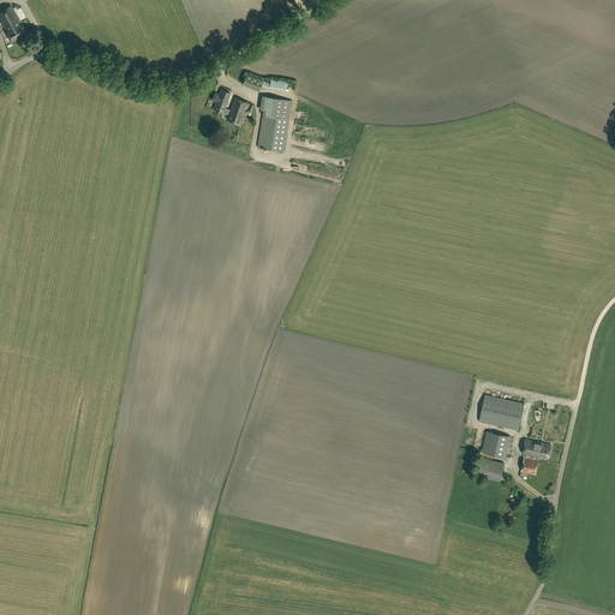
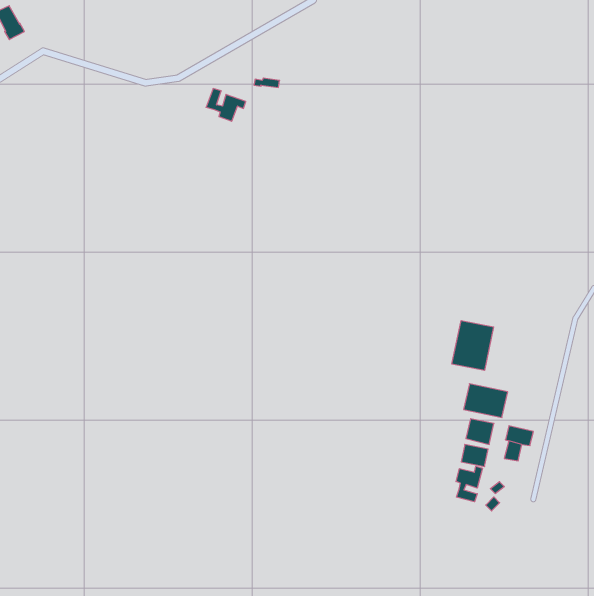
building: [256,96,291,151] -> none
building: none -> [452,321,494,370]
building: none -> [456,466,482,502]

